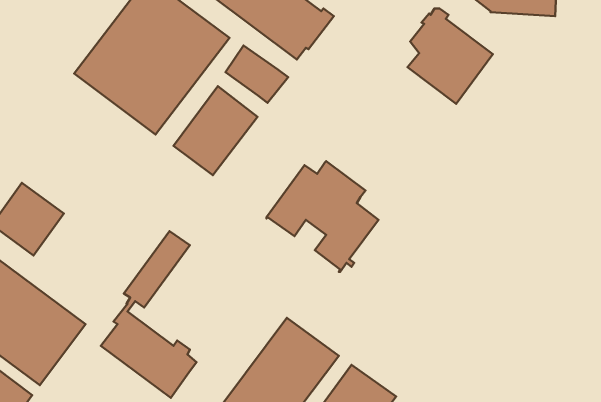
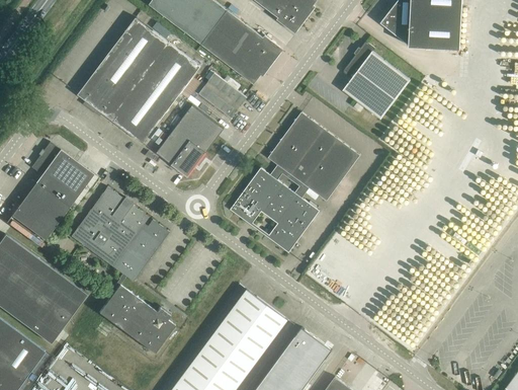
building: none -> [267,112,359,202]
building: none -> [30,142,93,207]
building: none -> [71,186,153,270]

